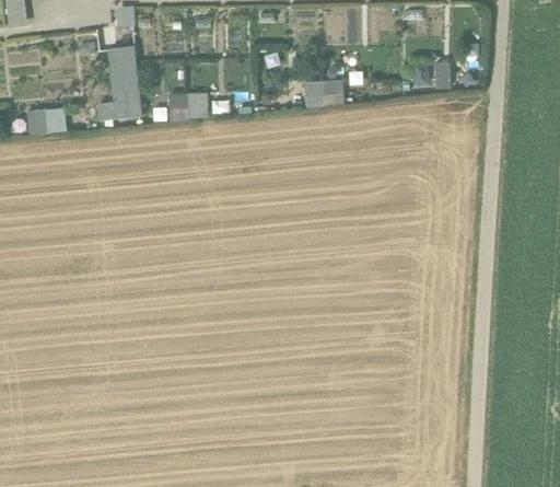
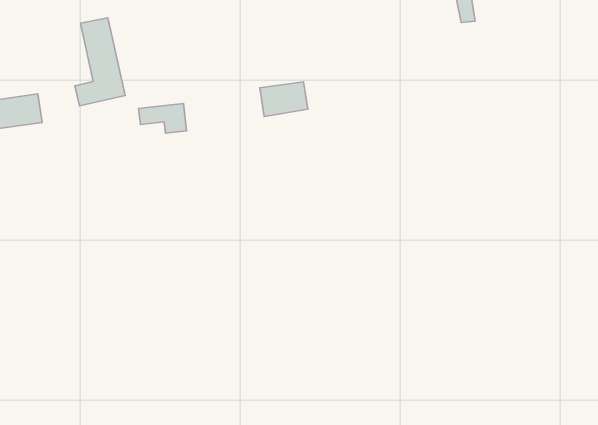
building: [305,80,345,106] -> [260,82,308,116]
building: [170,92,209,116] -> [139,103,187,133]

